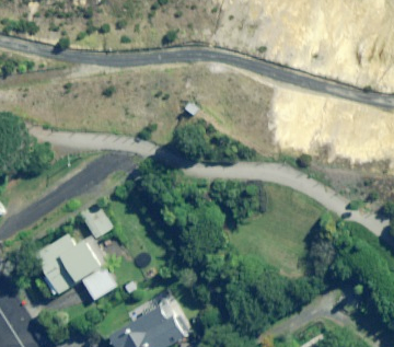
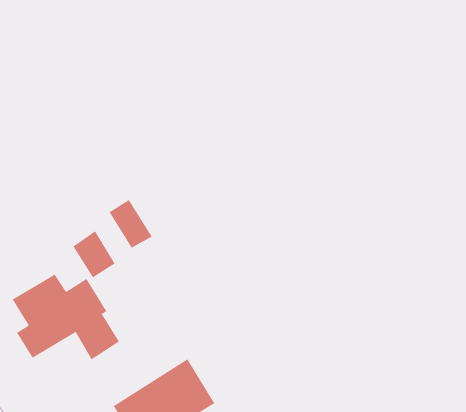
building: none -> [109,199,153,248]

